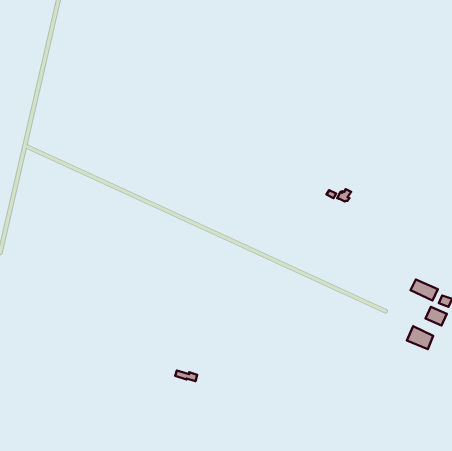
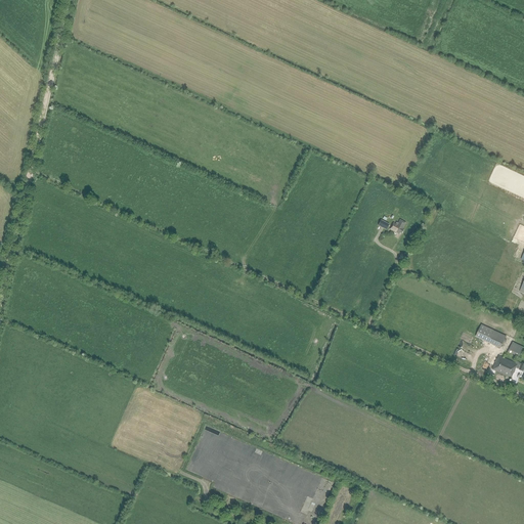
building: [407,326,433,349] -> none

